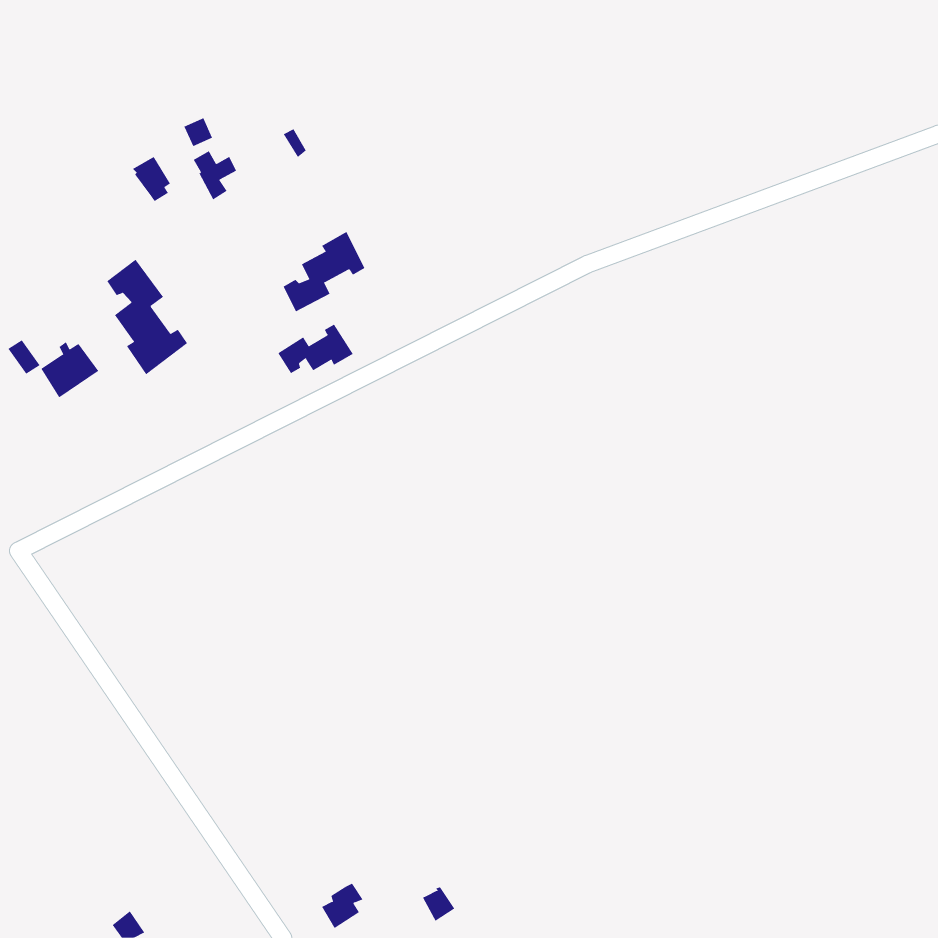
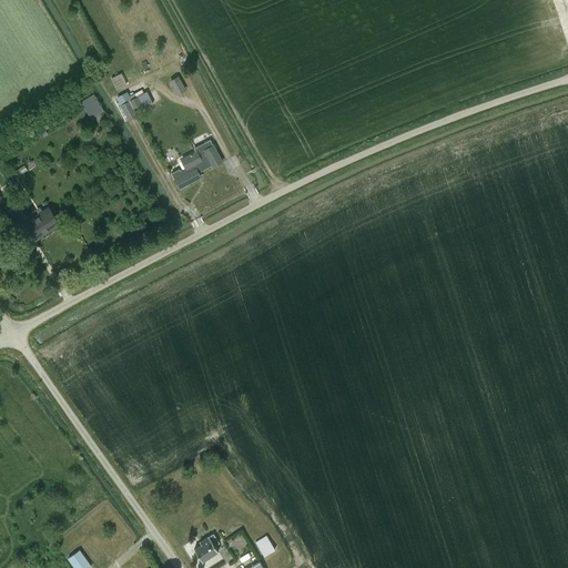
building: [106,259,188,375] -> none
building: [277,324,354,374] -> none

